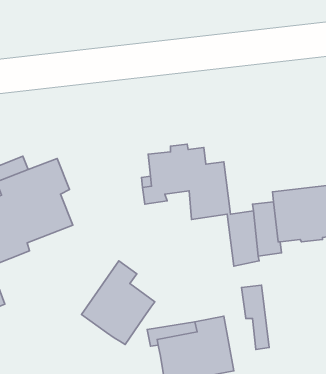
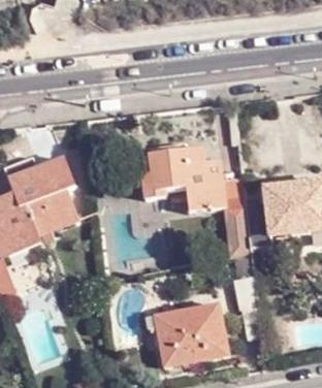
building: [81,261,155,344] -> none

